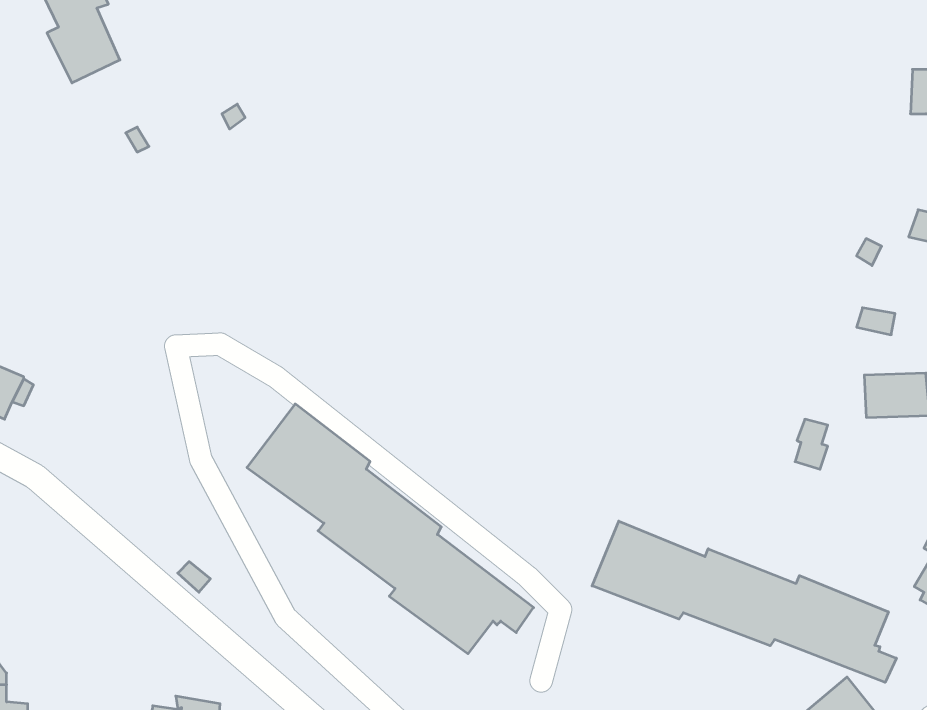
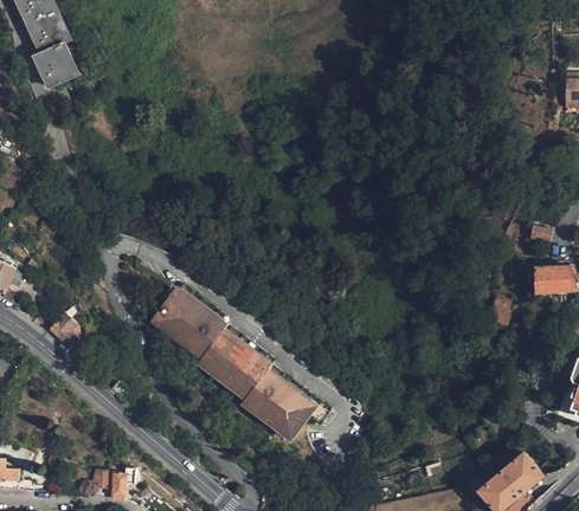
building: none -> [47,312,79,349]
building: [592,521,896,682] -> none

